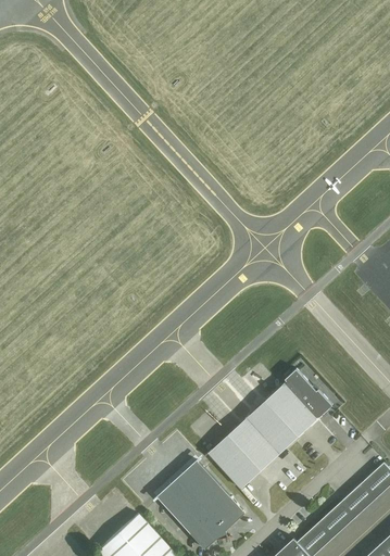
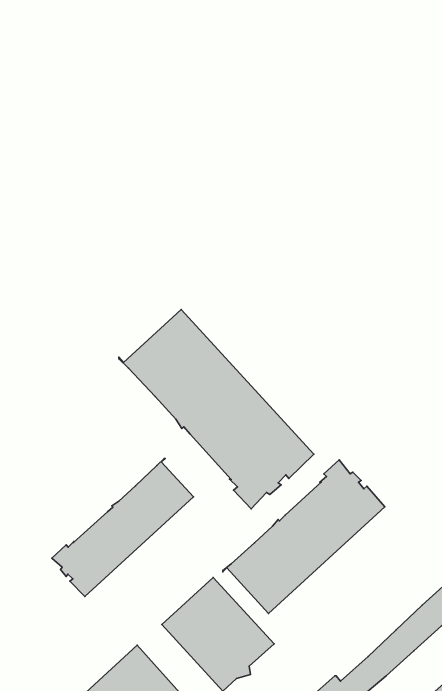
building: none -> [119,309,314,509]
building: none -> [52,458,193,596]

